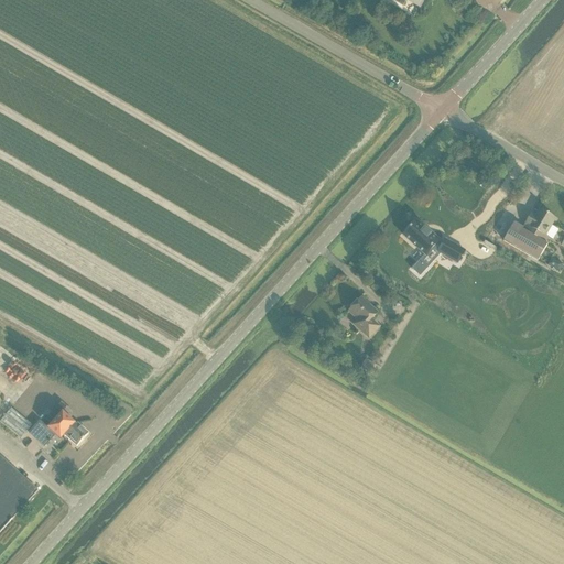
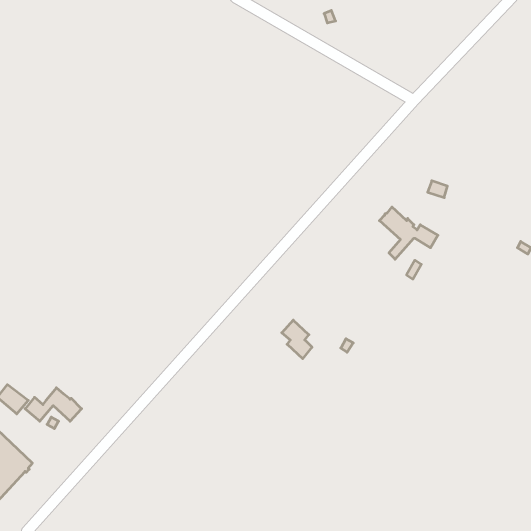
building: [501,206,553,257] -> none
building: [346,295,378,336] -> [282,320,312,359]

